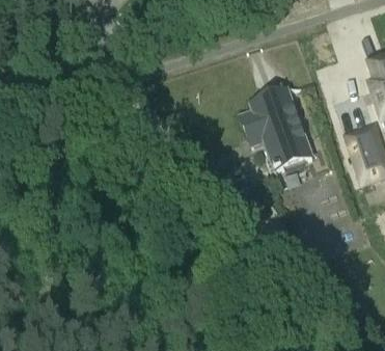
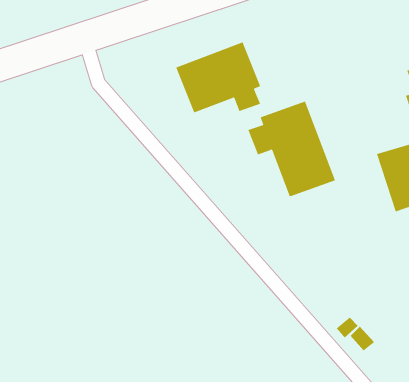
building: none -> [176,41,261,113]

